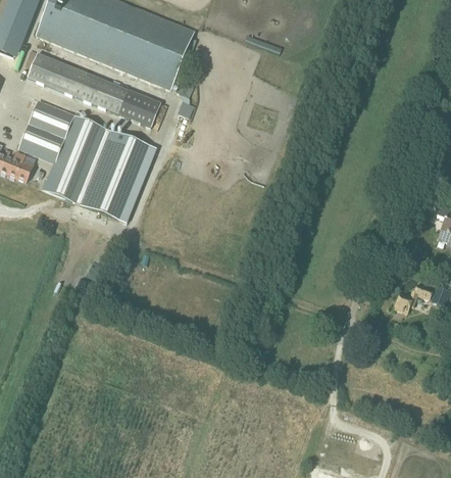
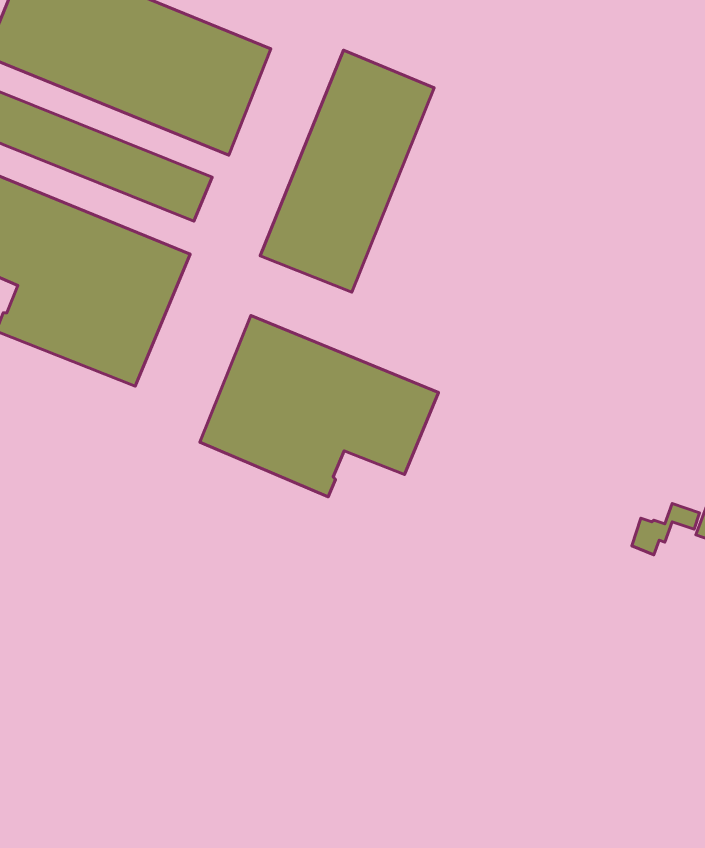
building: none -> [260,50,434,292]
building: none -> [200,315,439,497]

